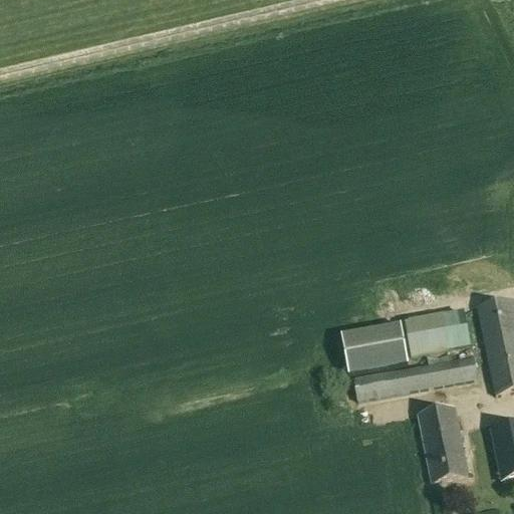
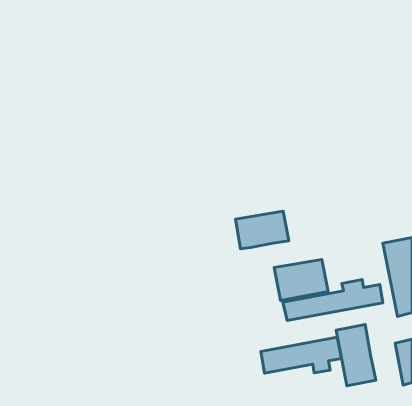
building: [405,308,471,355] -> [236,211,289,249]
building: none -> [261,337,342,373]

